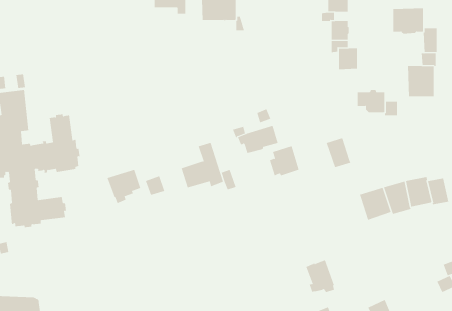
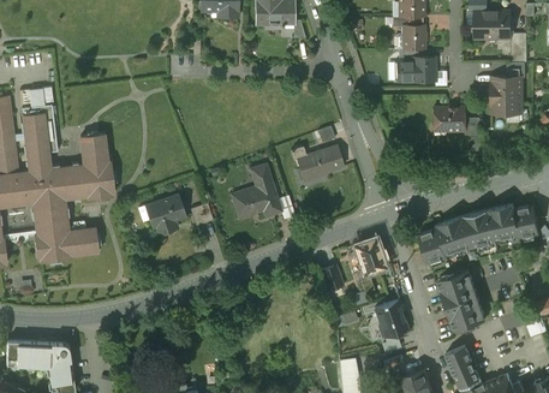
building: [326,138,351,168] -> [417,230,446,264]
building: [269,146,299,176] -> [350,239,384,274]
building: none -> [437,273,483,331]

